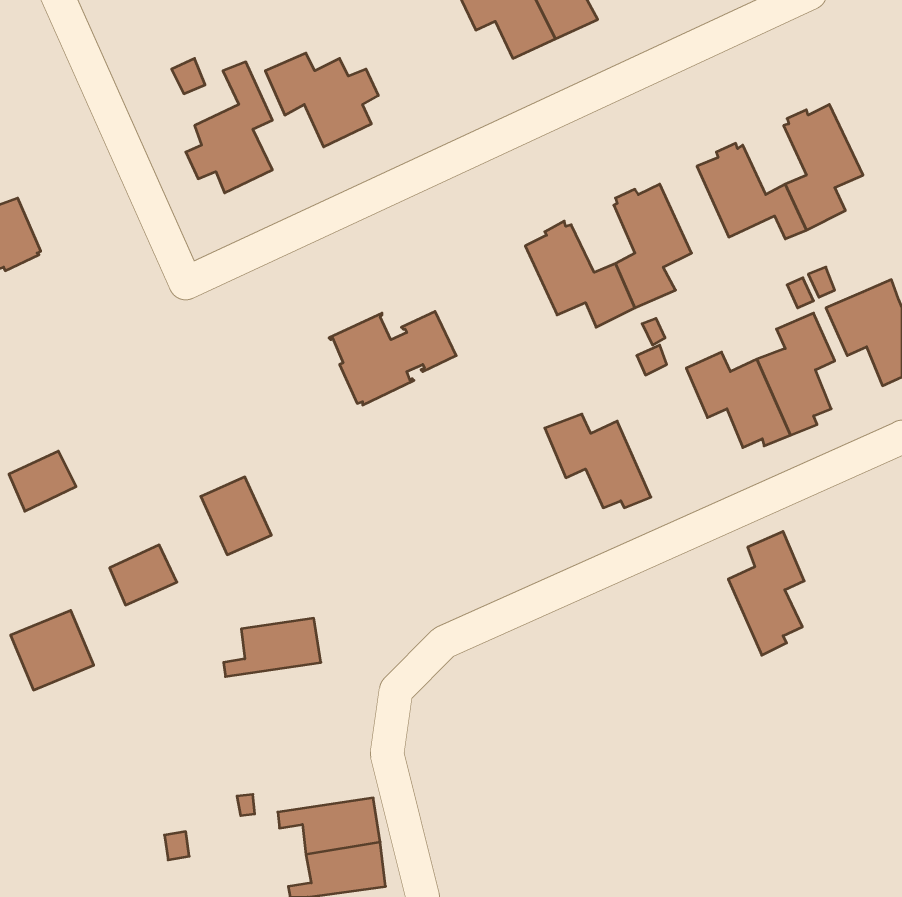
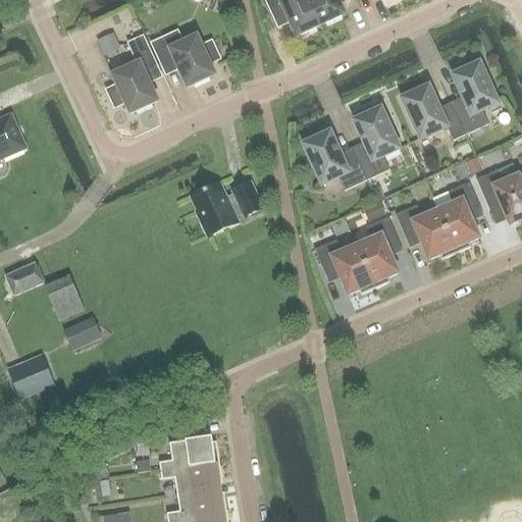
building: [201,477,271,555] -> [44,273,85,318]
building: [728,531,804,655] -> [356,215,400,286]
building: [224,618,321,677] -> [159,434,215,468]

